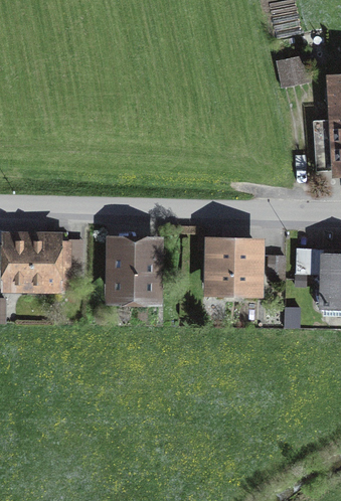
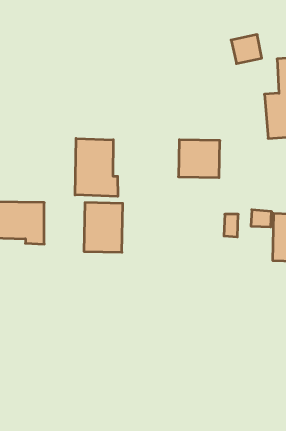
building: none -> [75,138,118,196]
building: [211,244,258,287] -> [178,140,220,178]

